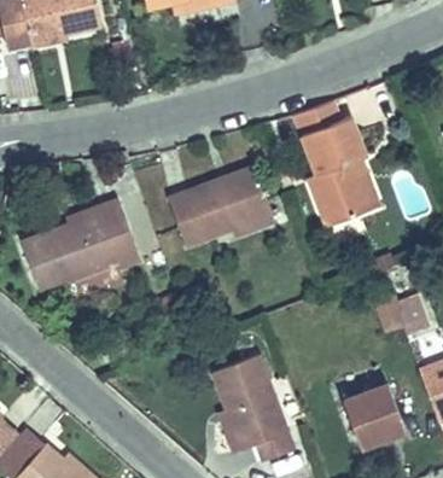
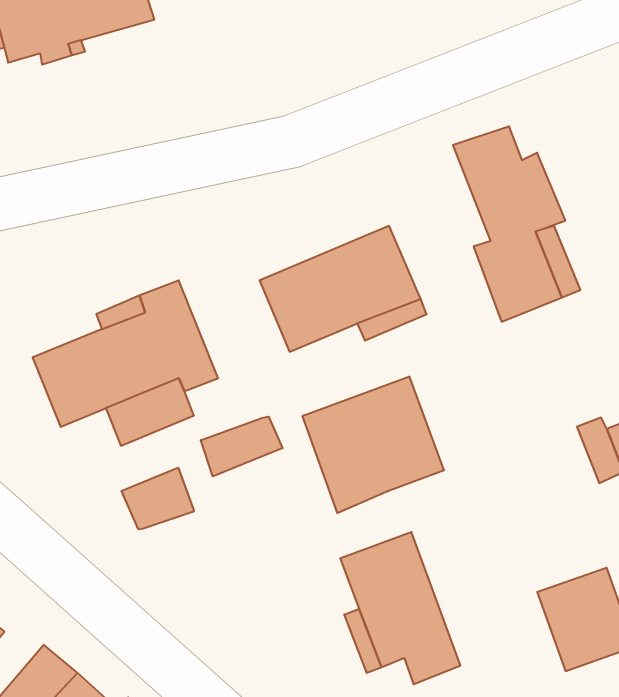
building: none -> [303,376,444,513]
building: none -> [201,417,283,476]
building: none -> [122,468,194,529]

